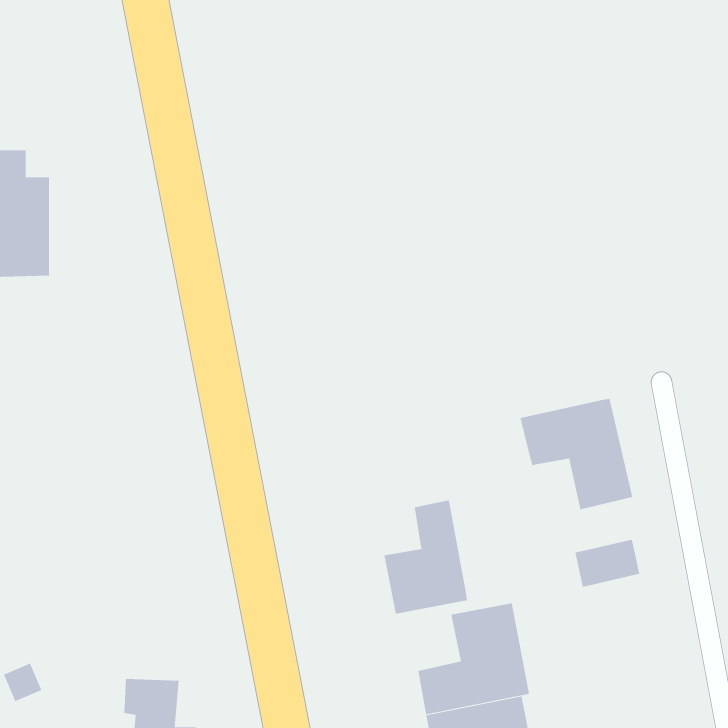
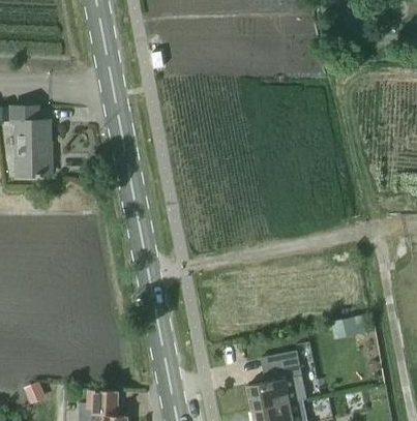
building: [520,398,633,510] -> none
building: [384,499,468,615] -> none

